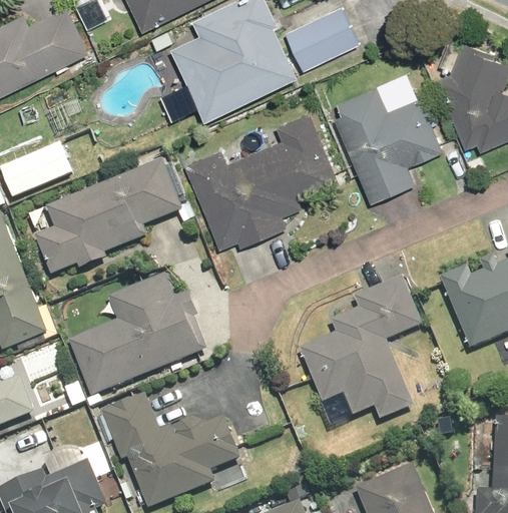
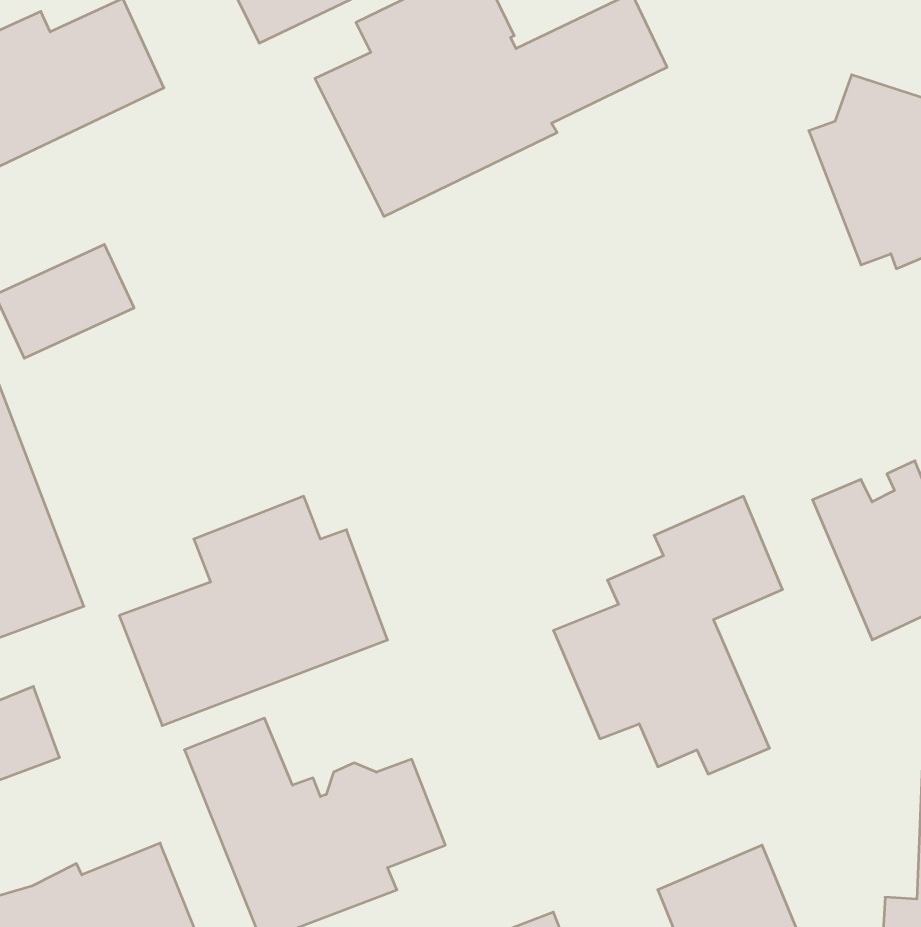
building: [334,83,443,201] -> none
building: [183,109,341,249] -> none
building: [33,159,181,276] -> none

